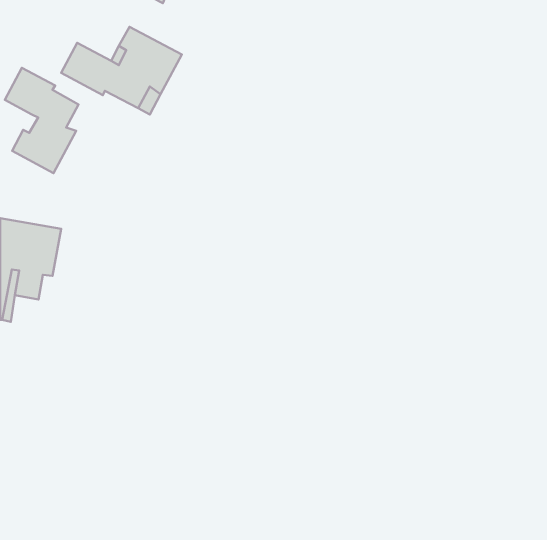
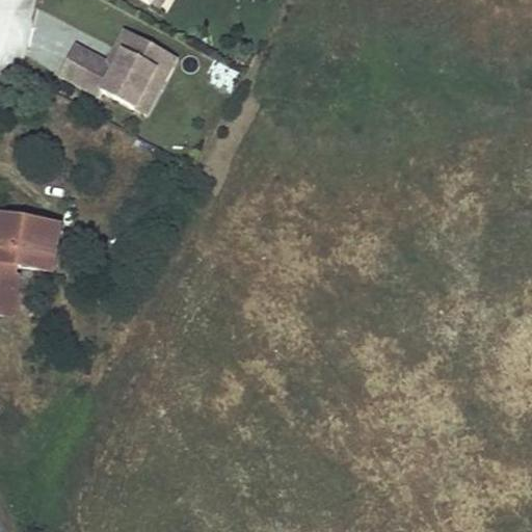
building: [5,68,78,173] -> none

